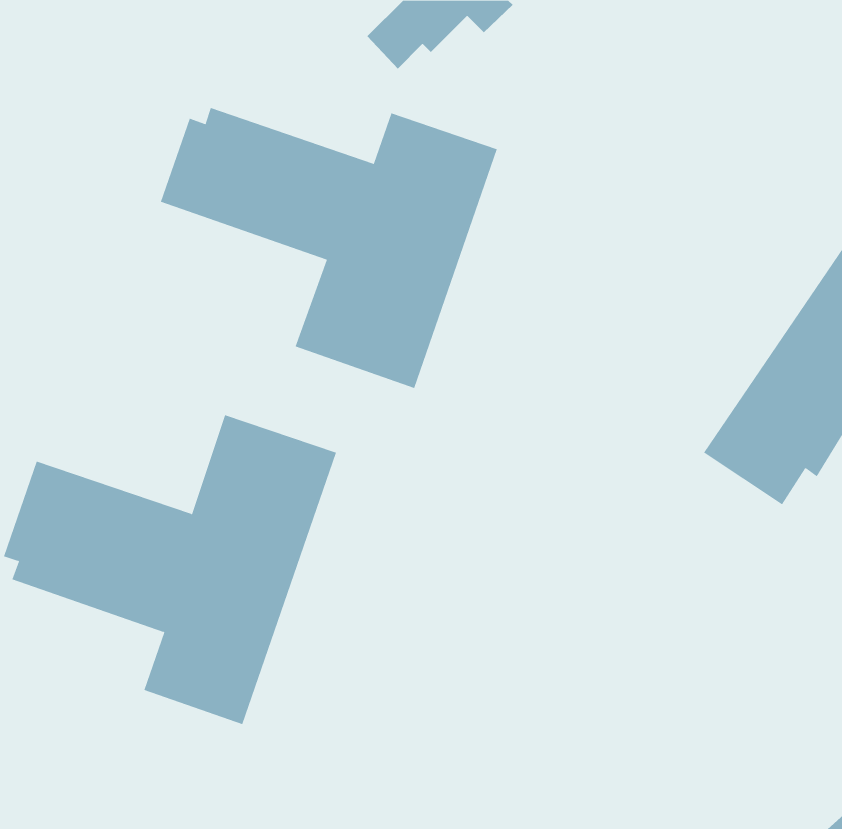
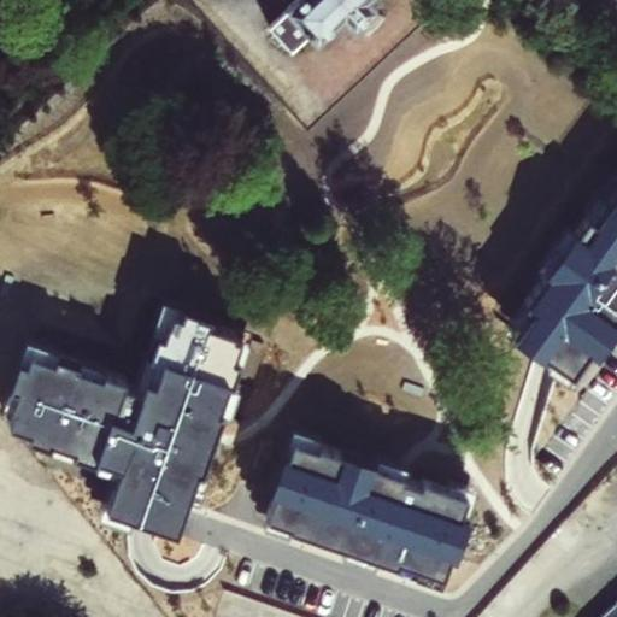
building: [160,107,498,389] -> none
building: none -> [268,437,474,578]

